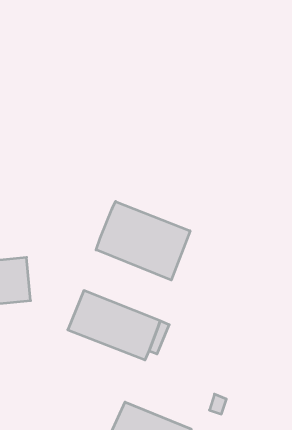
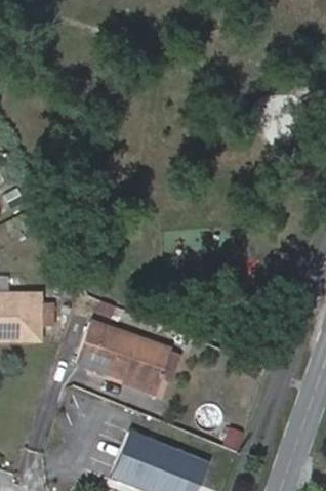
building: [96,201,190,280] -> none

